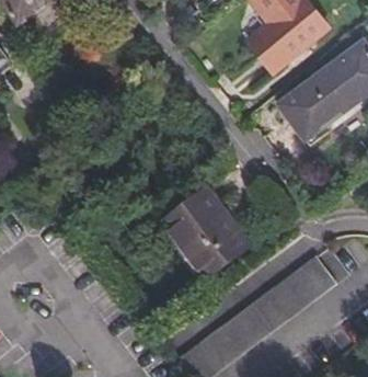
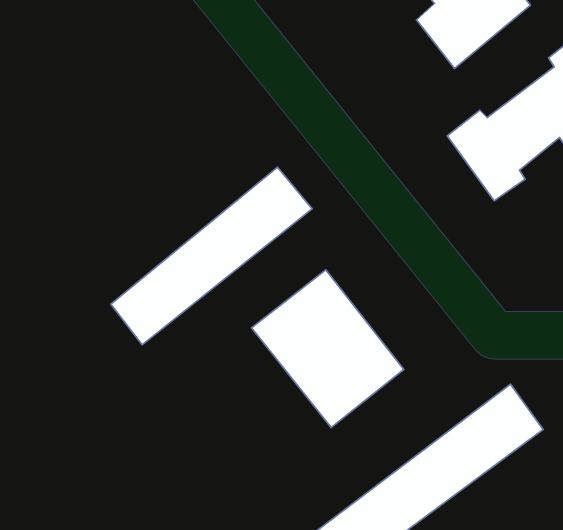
building: none -> [111,167,312,345]

